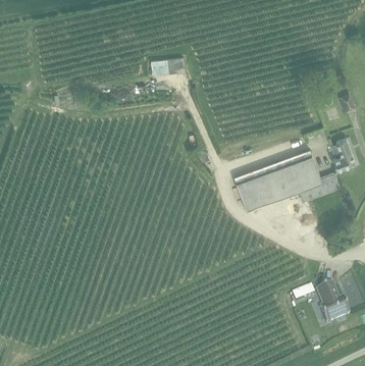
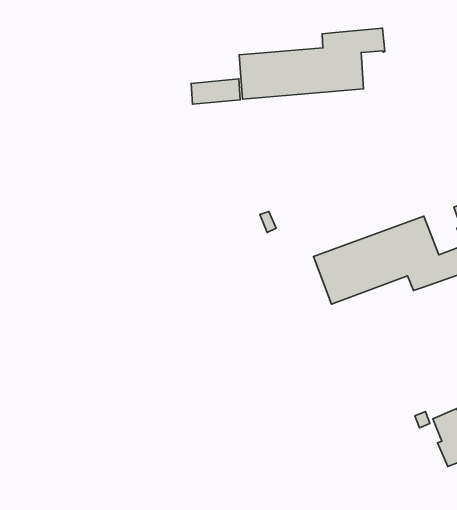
building: none -> [239,28,385,99]

